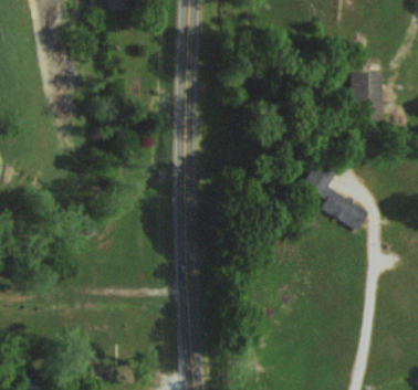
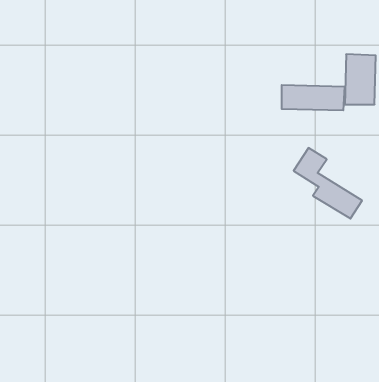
building: none -> [282,85,345,110]

